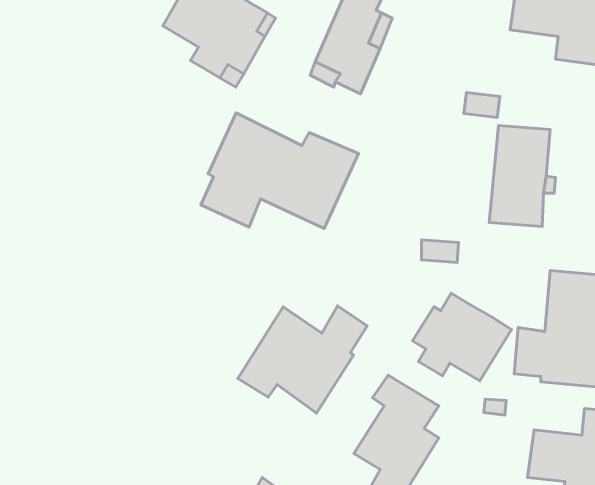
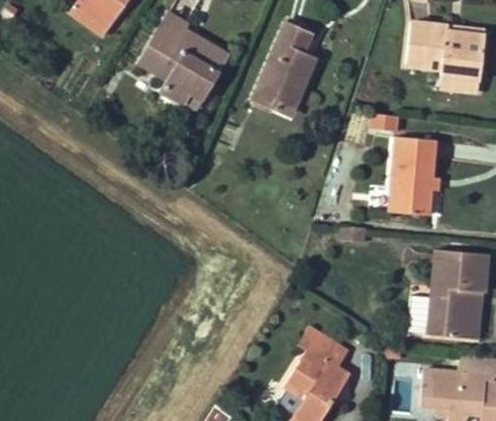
building: [201,113,358,228] -> none
building: [413,293,511,381] -> none
building: [238,306,367,413] -> none

